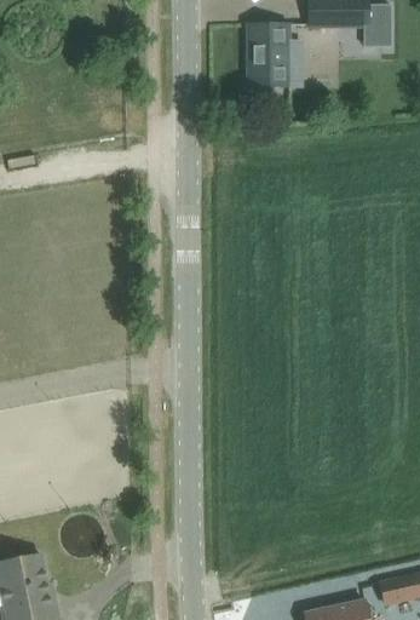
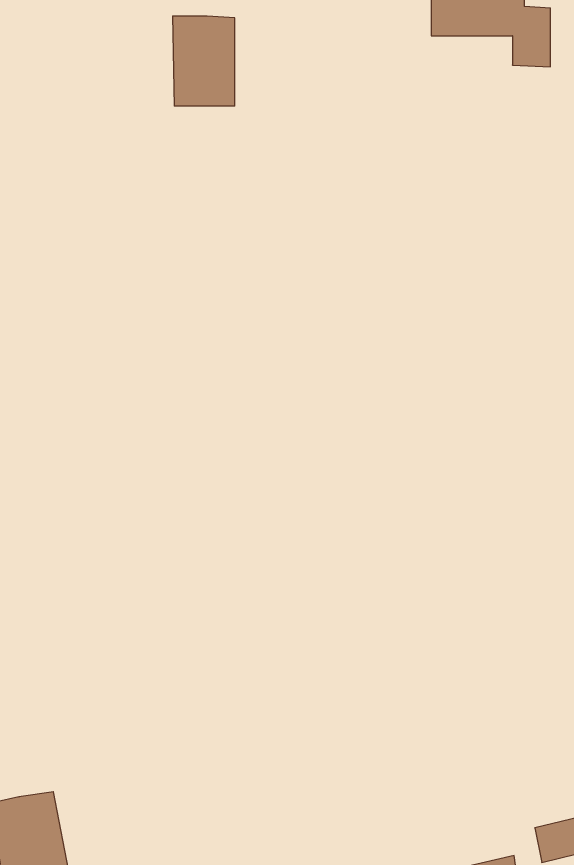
building: [246,24,289,87] -> [173,16,235,106]

